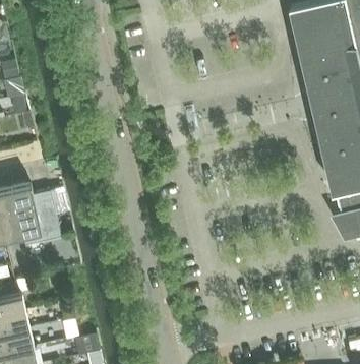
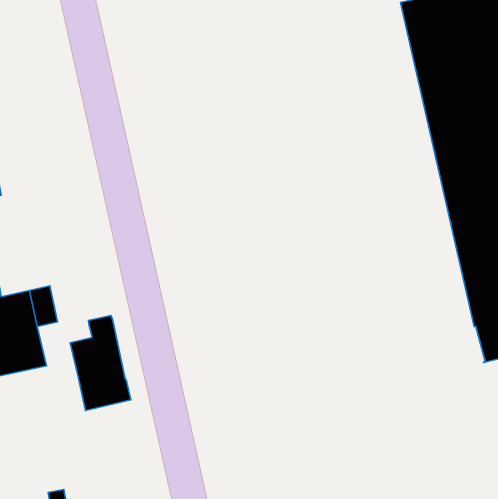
building: none -> [70,315,131,411]

